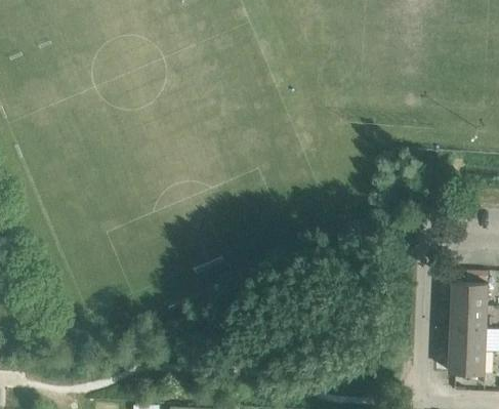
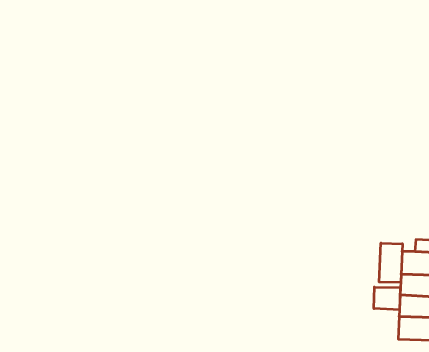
building: none -> [379,243,402,283]
building: none -> [374,287,400,310]

